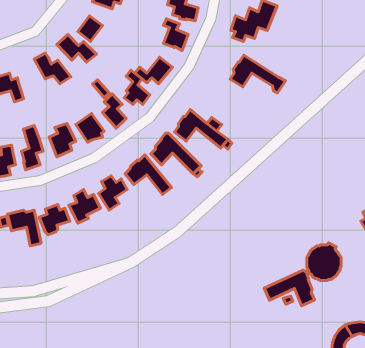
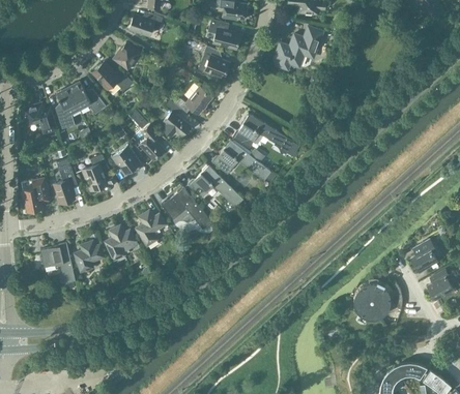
building: [230,55,285,93] -> [235,115,293,154]
building: none -> [55,88,79,128]
building: [264,270,315,306] -> none

